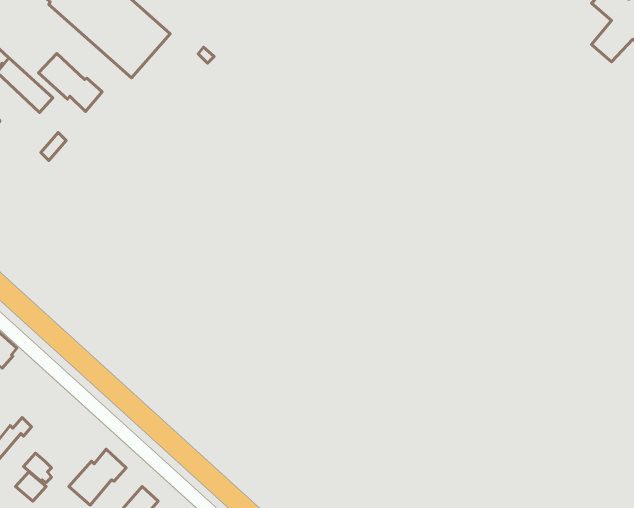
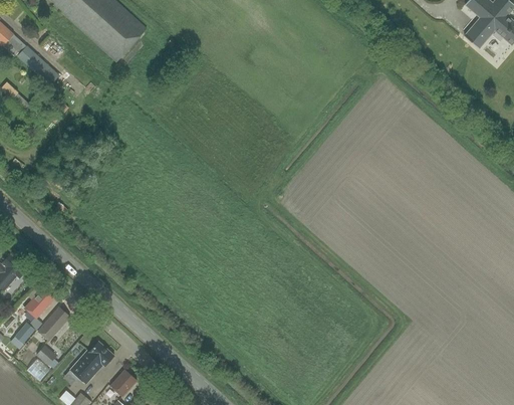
building: [39,53,102,111] -> none
building: none -> [25,287,55,319]
building: none -> [38,308,71,341]

